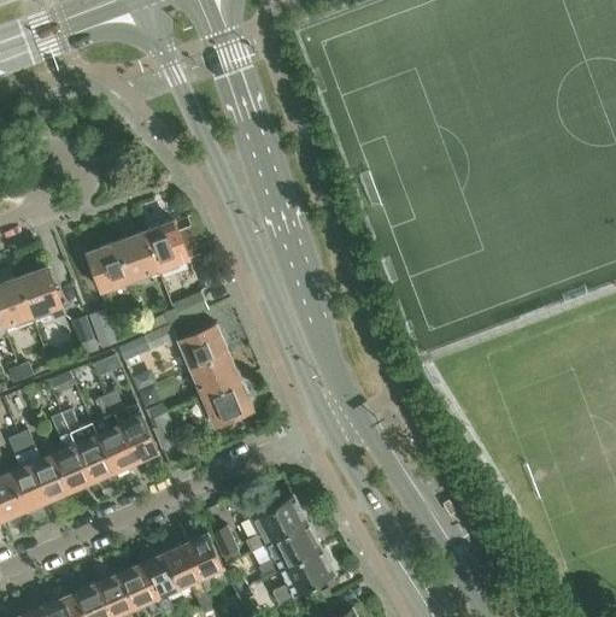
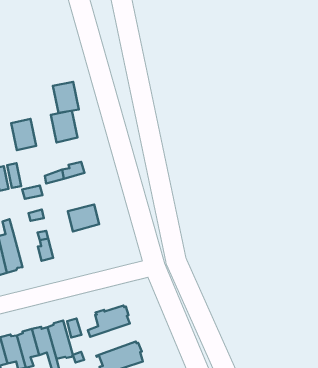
building: [113,230,157,280] -> [53,82,79,113]
building: [176,324,227,369] -> none
building: [201,381,251,425] -> none
building: [105,390,158,462] -> none
building: [251,521,319,576] -> none

